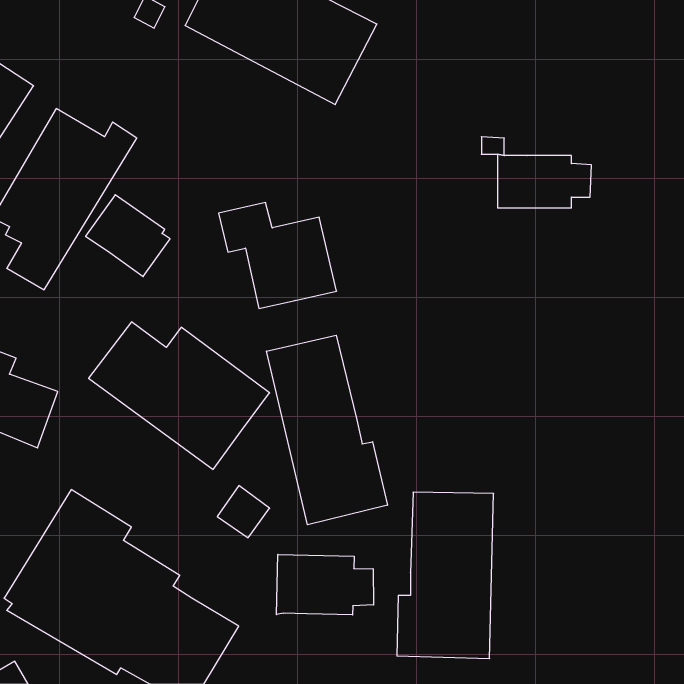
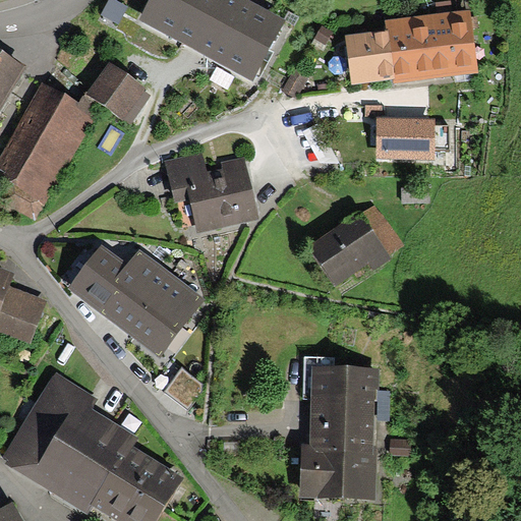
building: none -> [345,9,478,84]
building: [86,195,170,277] -> [85,61,150,123]
building: none -> [307,205,399,289]
building: [267,335,387,525] -> none
building: [276,554,374,615] -> none

